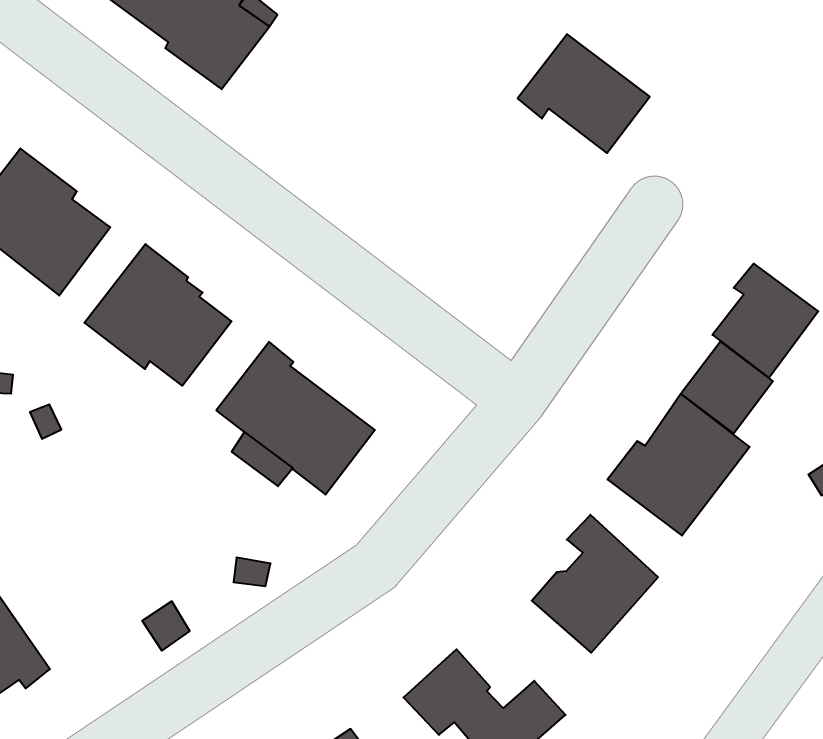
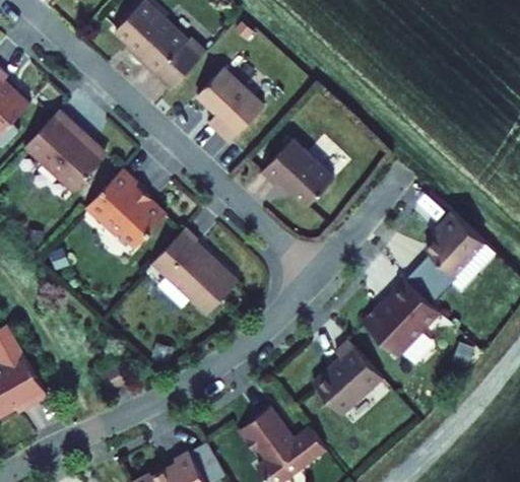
building: [518,34,650,153] -> [261,139,333,206]
building: none -> [196,68,263,142]

